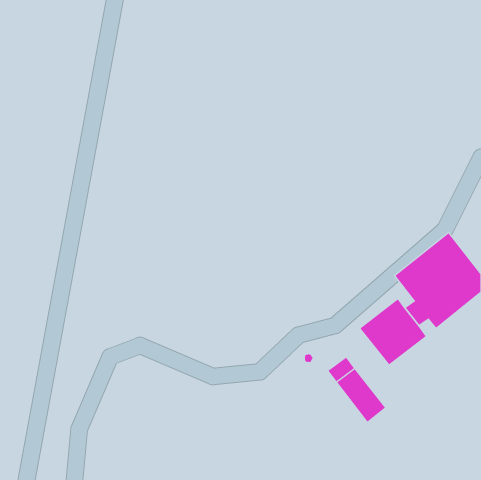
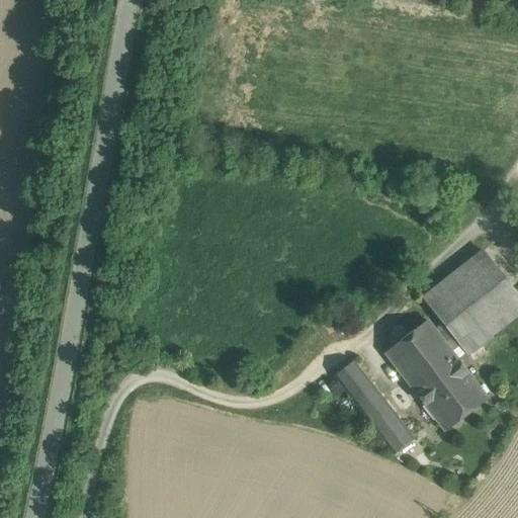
building: none -> [334,361,372,399]
building: none -> [418,361,487,430]

